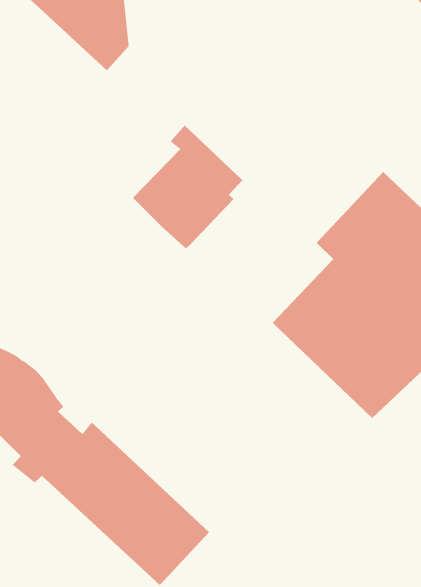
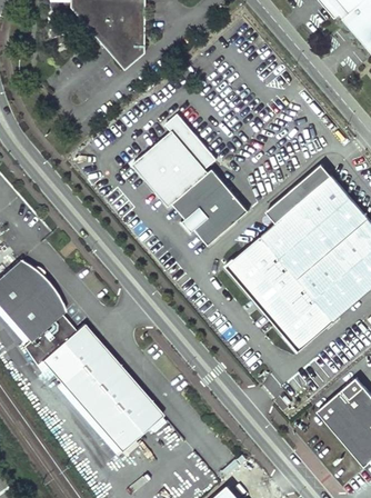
building: none -> [172,168,248,245]

